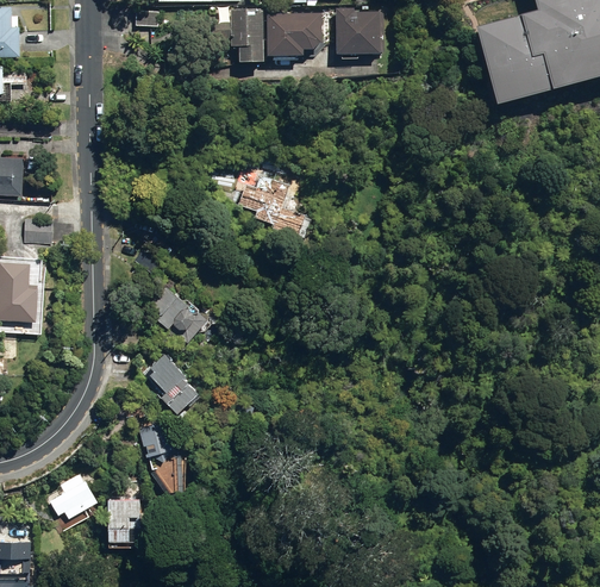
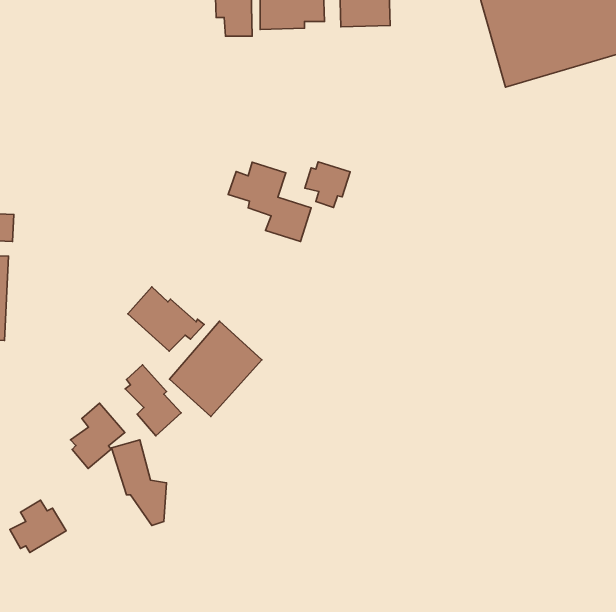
building: none -> [305,162,350,207]
building: none -> [169,321,262,417]
building: none -> [71,403,125,469]
building: [106,500,138,542] -> none

